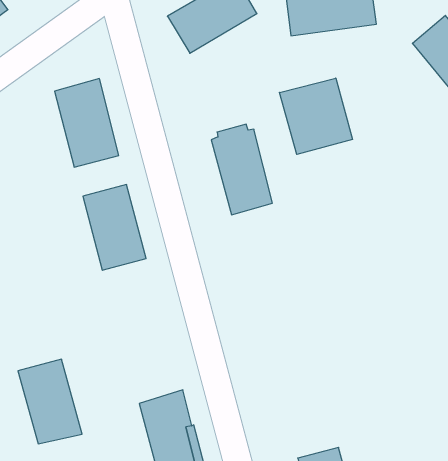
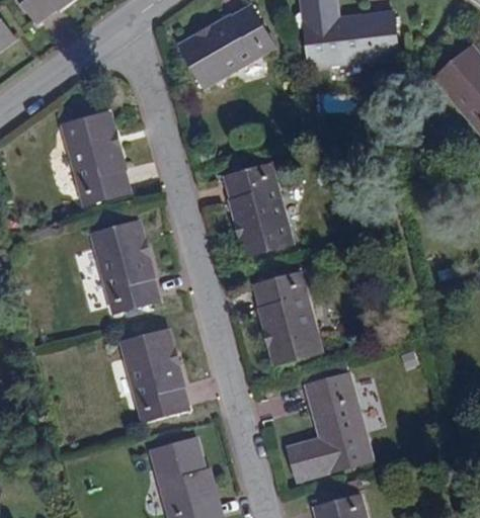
building: [279,78,352,154] -> none
building: none -> [255,274,319,363]
building: none -> [289,374,374,480]
building: [18,359,82,444] -> [121,332,187,420]

